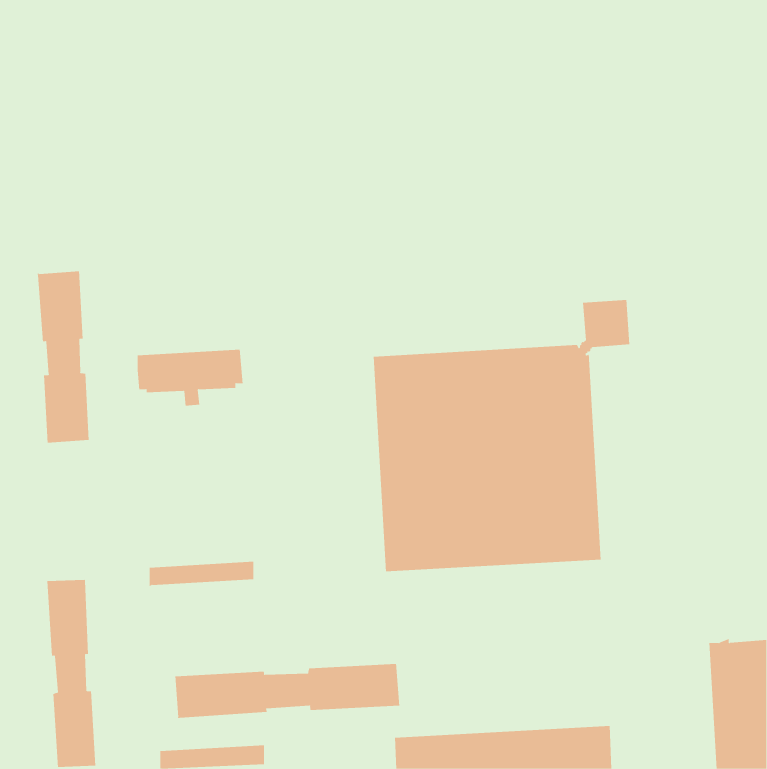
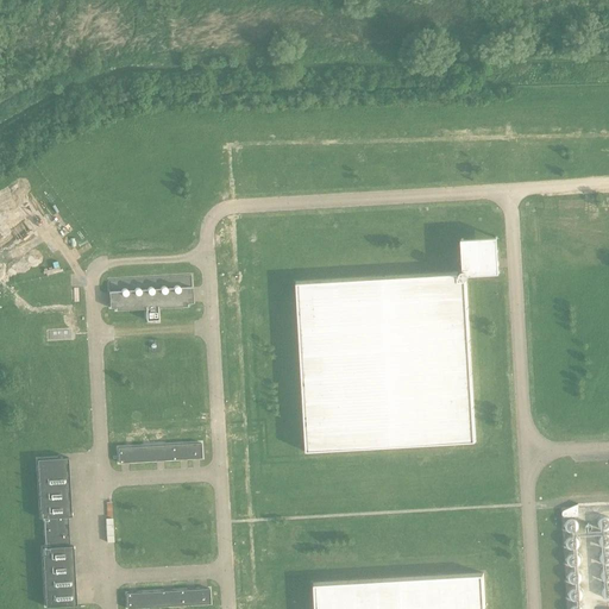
building: [37,271,89,443] -> none
building: [175,663,400,719] -> none

